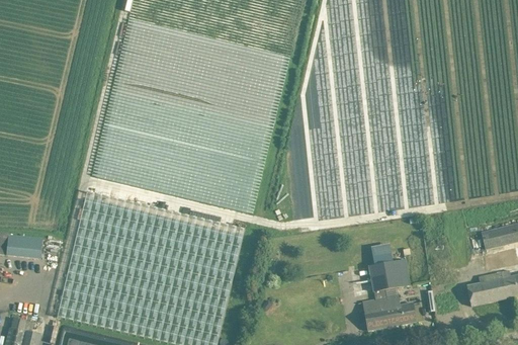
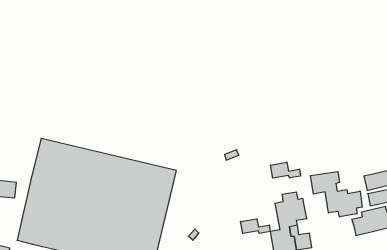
building: none -> [270,162,300,178]
building: none -> [310,172,362,217]
building: none -> [241,219,270,234]

